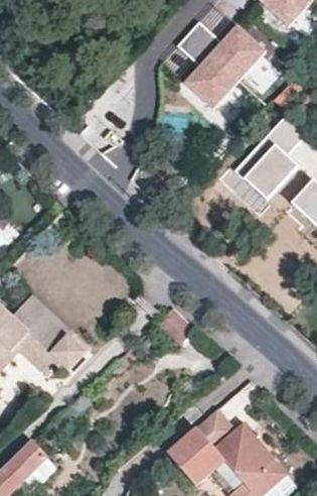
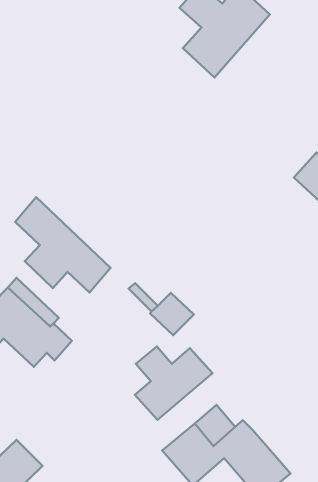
building: [233,113,304,197] -> none
building: none -> [15,197,111,292]
building: none -> [135,347,212,420]

